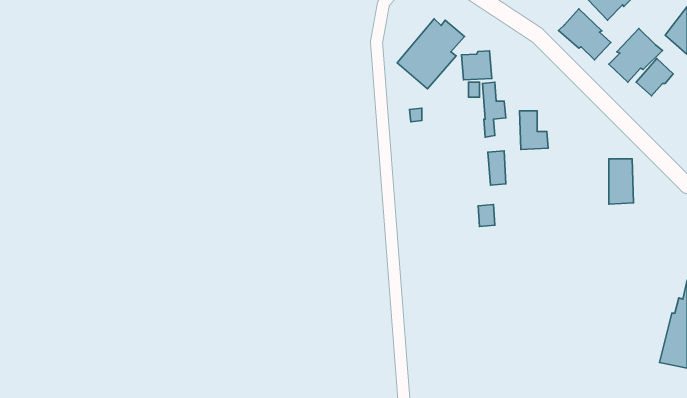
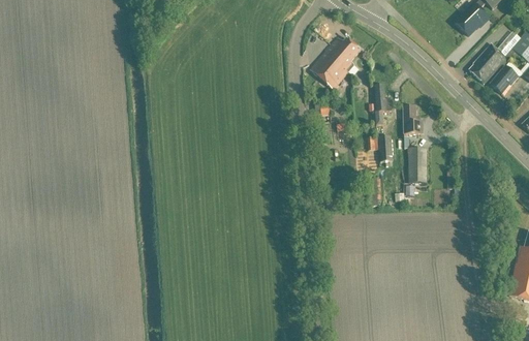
building: [559,9,611,60] -> none
building: [462,51,492,80] -> none
building: [609,159,634,204] -> [408,148,427,182]

